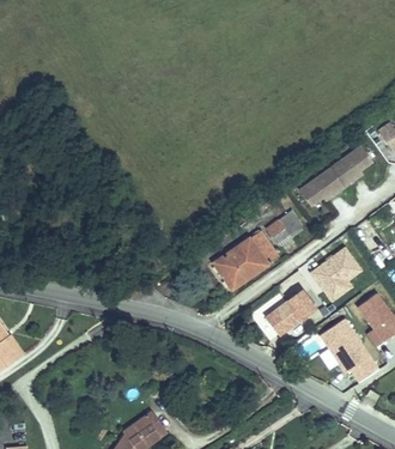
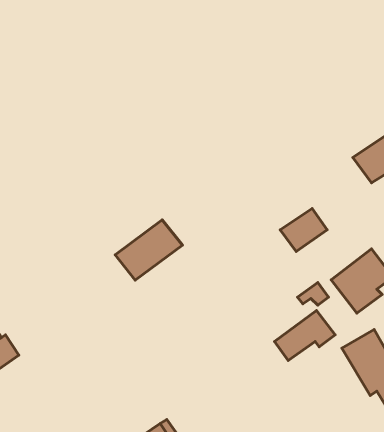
building: [297,165,345,207] -> none
building: [208,242,268,296] -> [115,220,182,280]

